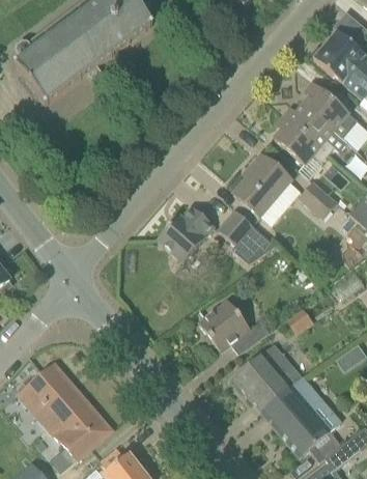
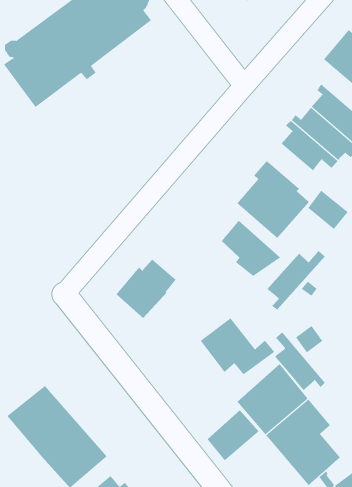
building: [158,205,215,261] -> [116,259,177,319]
building: none -> [266,250,326,311]
building: none -> [274,332,326,391]
building: none -> [207,409,259,461]

